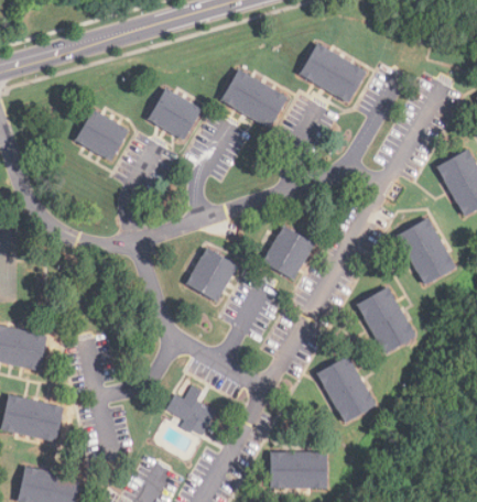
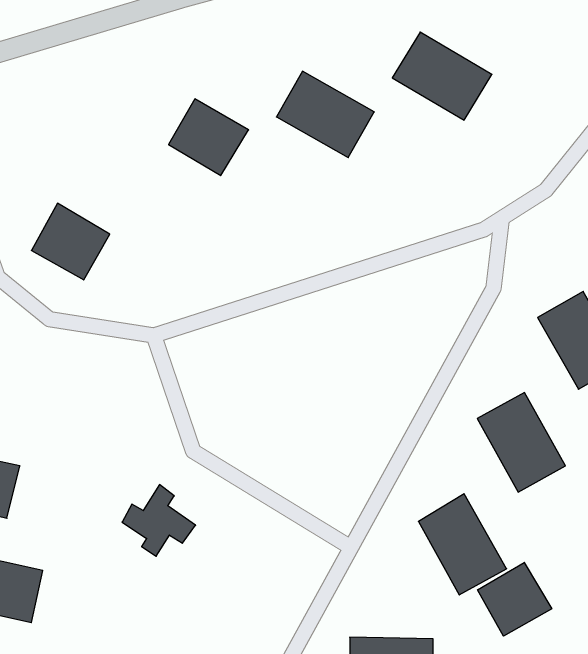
building: [75,109,128,161] -> [31,203,110,280]
building: [262,226,314,280] -> none
building: [186,248,237,302] -> none
building: [166,384,216,433] -> [122,485,196,556]
building: none -> [478,562,552,636]

